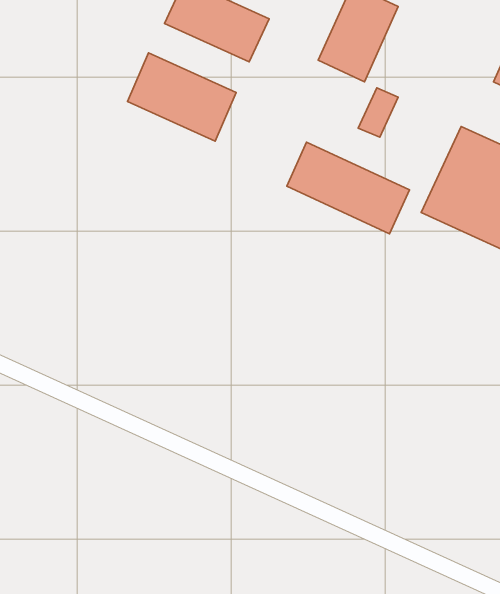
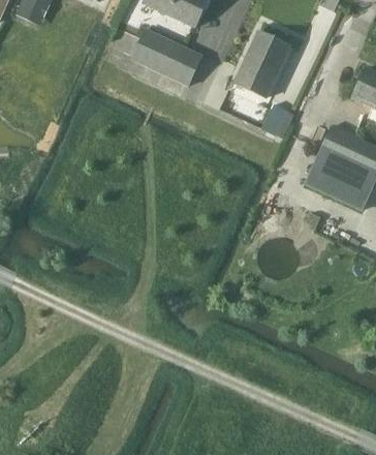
building: [127,53,236,141] -> none
building: [287,142,409,234] -> none

